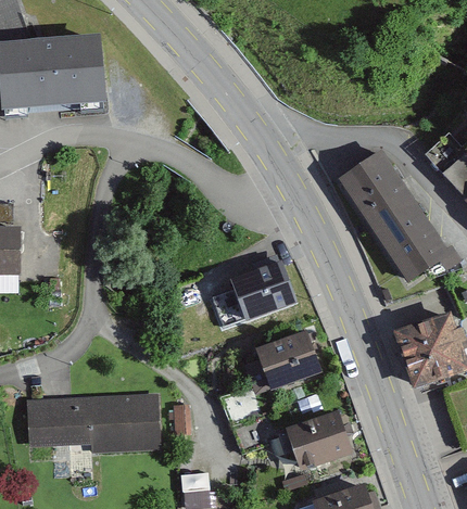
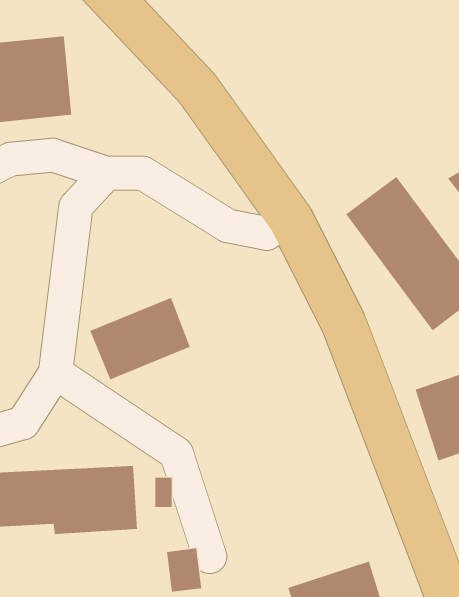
building: [211,254,296,325] -> [89,297,191,381]
building: [237,328,317,395] -> none
building: [268,407,352,479] -> none

